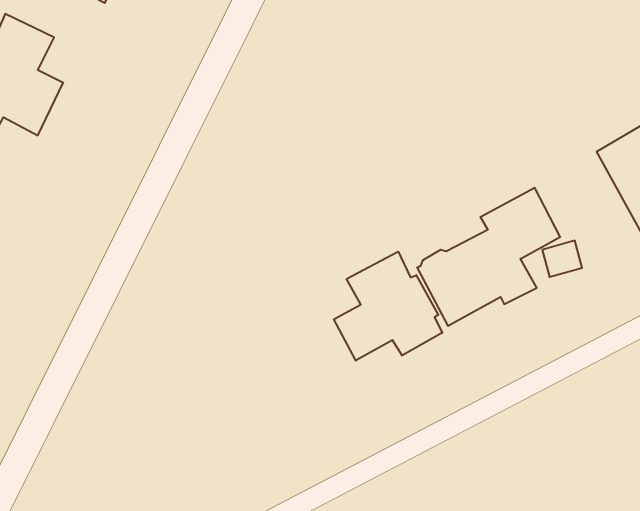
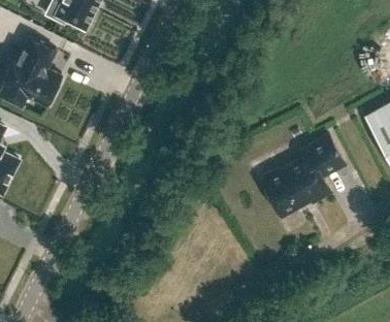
building: [334,252,442,361] -> none

